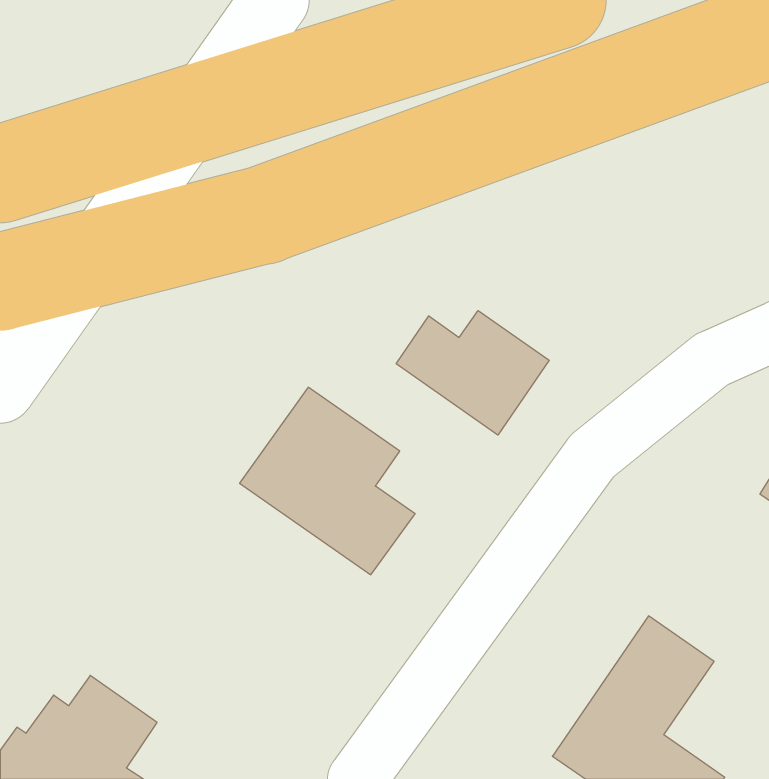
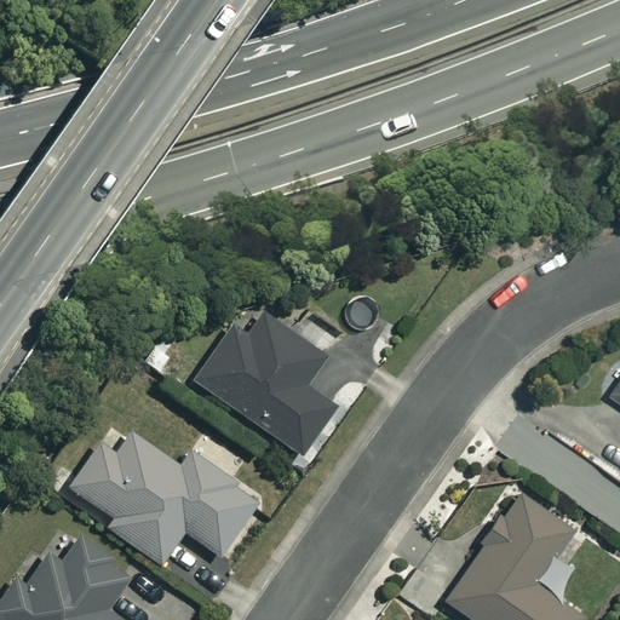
building: [396,311,549,435] -> none
building: none -> [71,432,259,563]

